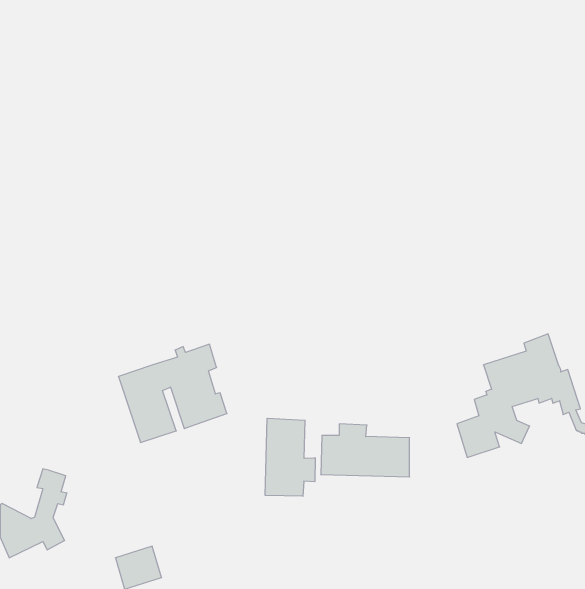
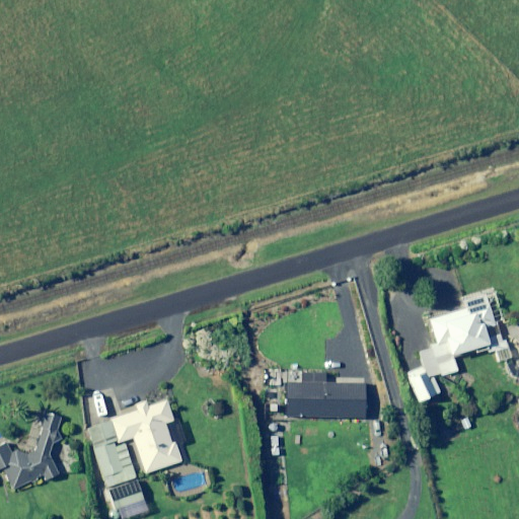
building: [118,344,227,442] -> [88,399,183,486]
building: [265,418,315,496] -> none

